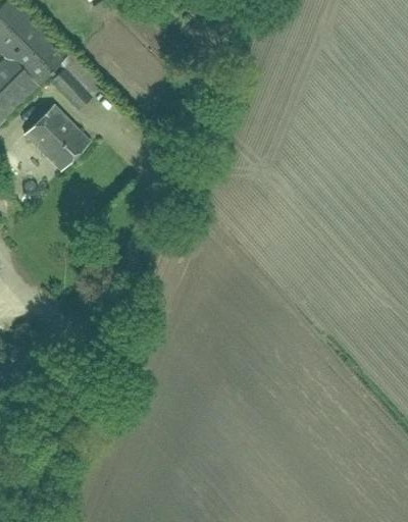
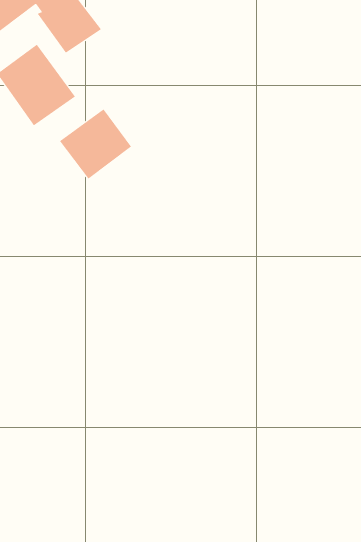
building: none -> [59,108,132,180]

